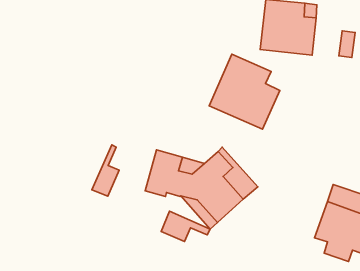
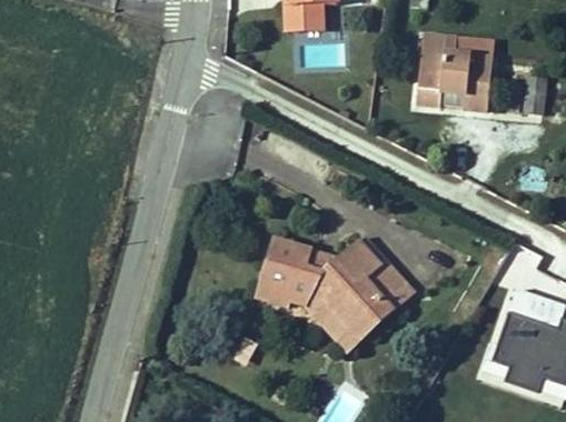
building: [209,54,280,129] -> none
building: [92,145,119,196] -> none
building: [161,211,210,242] -> none

